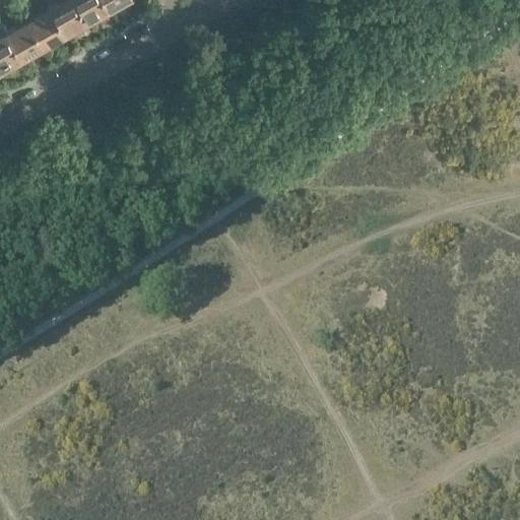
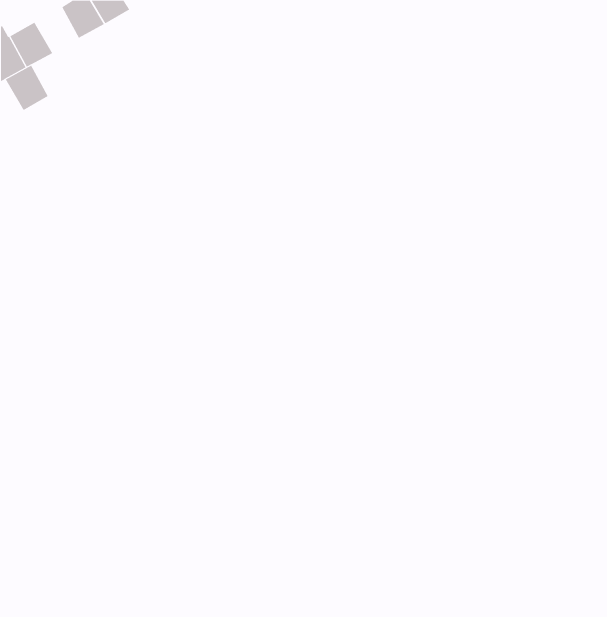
building: [38,6,74,45] -> [5,65,48,111]

